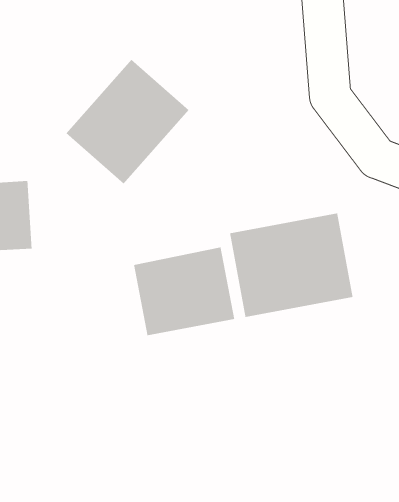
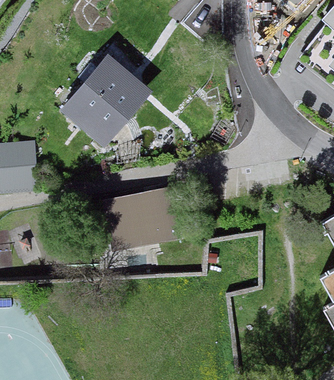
building: [229,212,353,318] -> none

